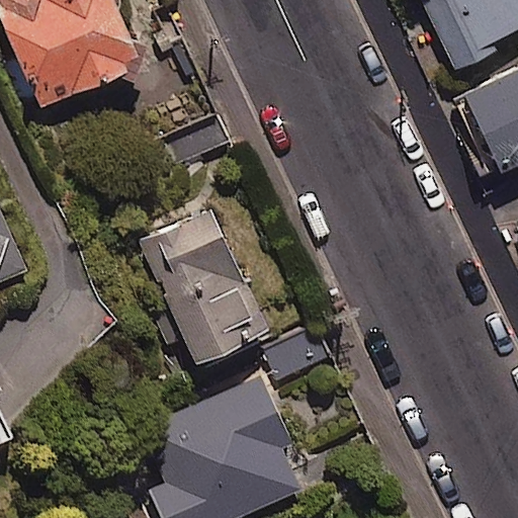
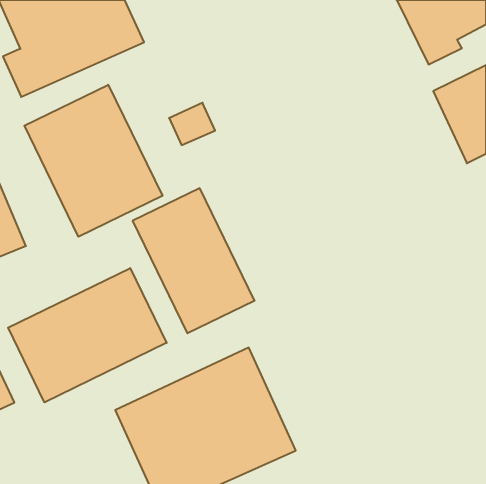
building: none -> [24,85,162,237]
building: none -> [8,268,167,402]

